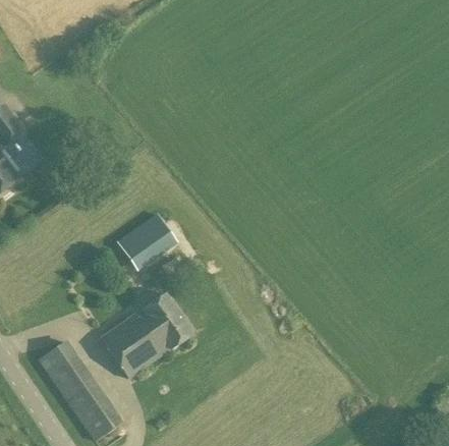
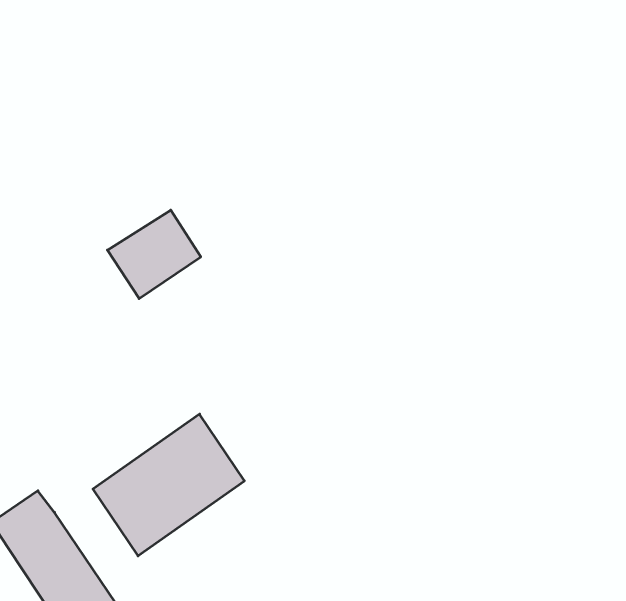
building: [123,213,180,267] -> [107,210,201,299]

